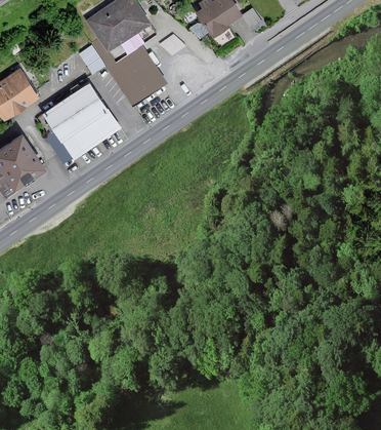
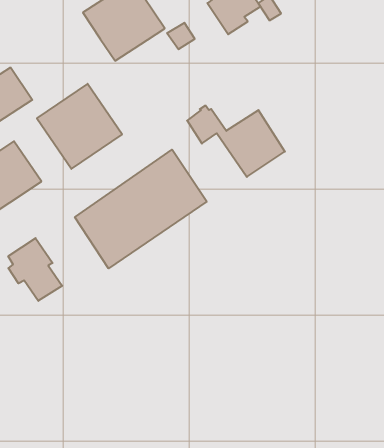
building: [78,40,165,104] -> [187,106,285,177]
building: none -> [75,150,207,268]
building: none -> [8,238,62,301]

